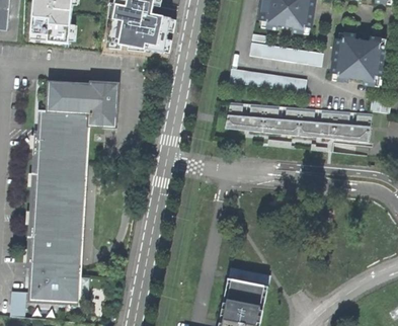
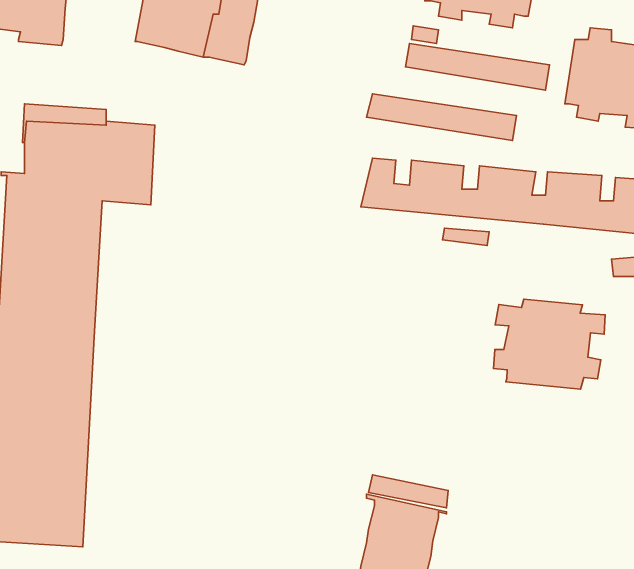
building: none -> [494,299,605,389]

